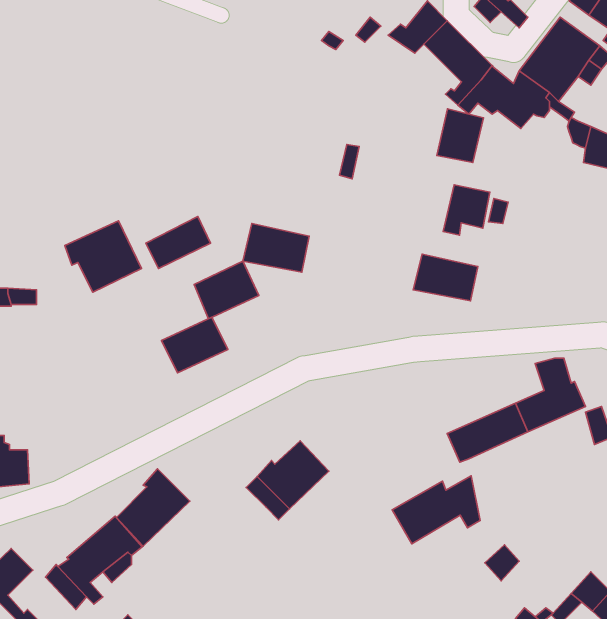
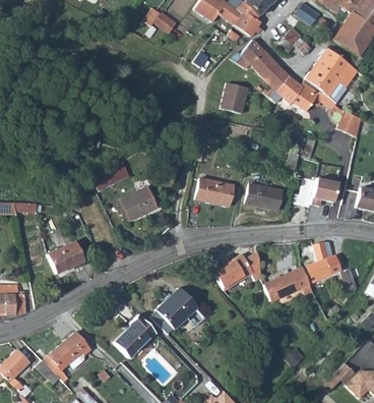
building: [437,109,483,163] -> [222,81,248,112]
building: [443,185,490,235] -> [312,177,338,206]
building: [65,221,141,292] -> none
building: [243,224,309,272] -> [195,177,233,205]
building: [161,317,228,373] -> [48,241,85,273]
building: [116,469,190,546] -> [115,313,157,357]
building: [392,476,480,544] -> [213,250,263,289]

